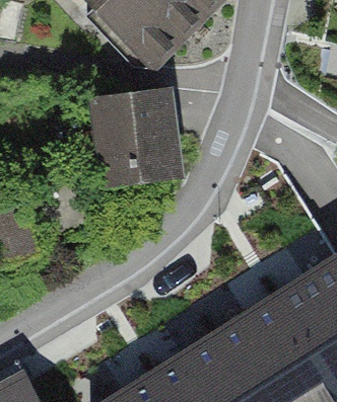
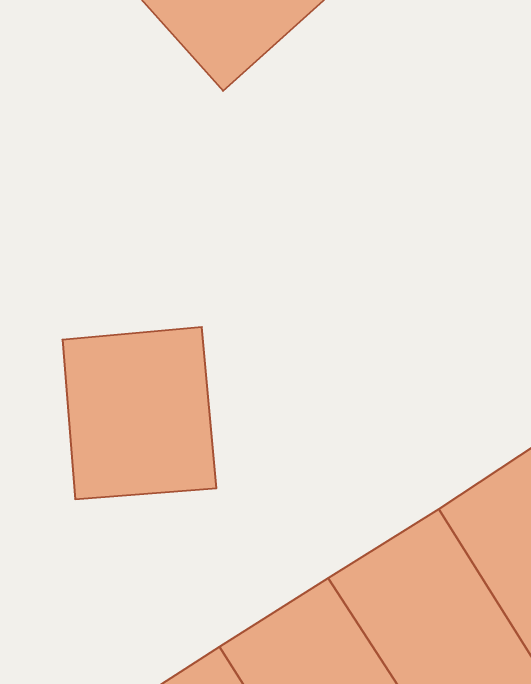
building: [92,93,179,189] -> [62,327,216,499]

